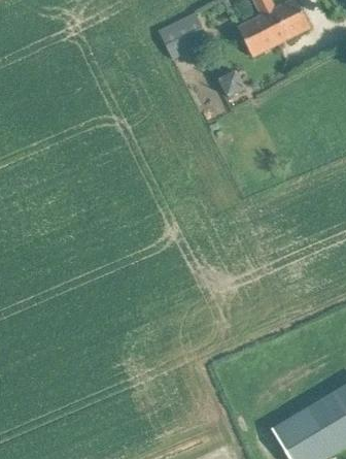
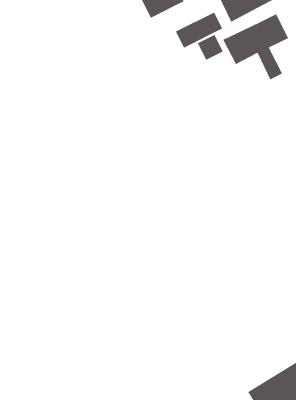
building: none -> [175,12,223,49]
building: none -> [222,13,289,80]

